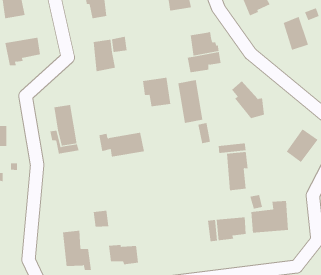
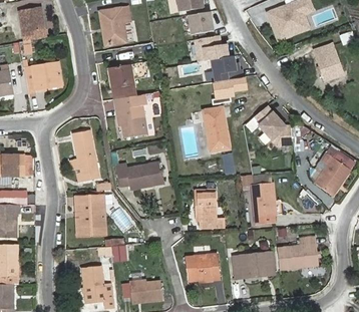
building: none -> [198,36,232,62]
building: [142,77,171,107] -> [118,105,148,136]
building: none -> [198,189,229,224]
building: none -> [75,199,105,237]
building: none -> [185,253,218,281]

